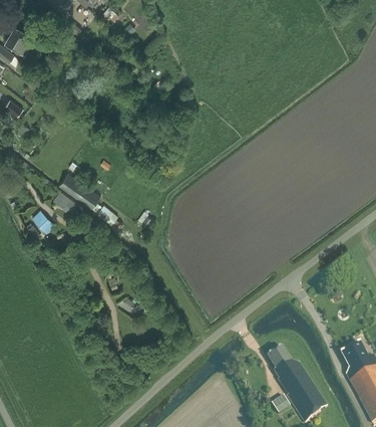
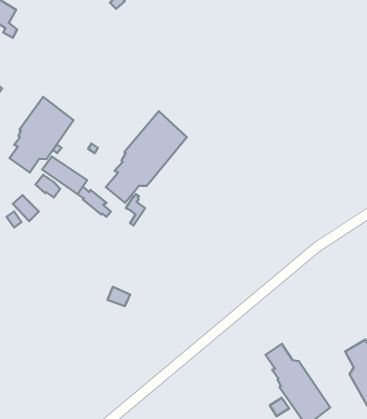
building: none -> [9,97,74,172]
building: none -> [106,111,187,203]

